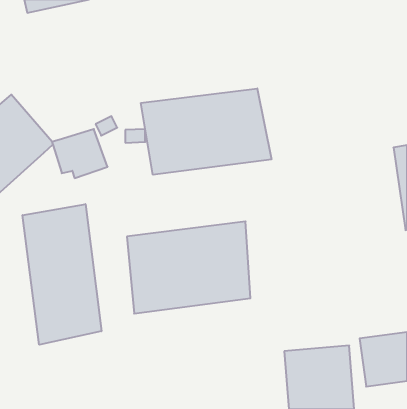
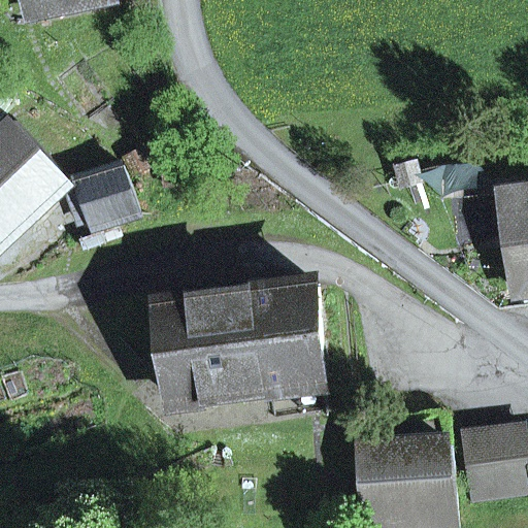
building: [141,88,271,175] -> none
building: [23,204,101,345] -> none

